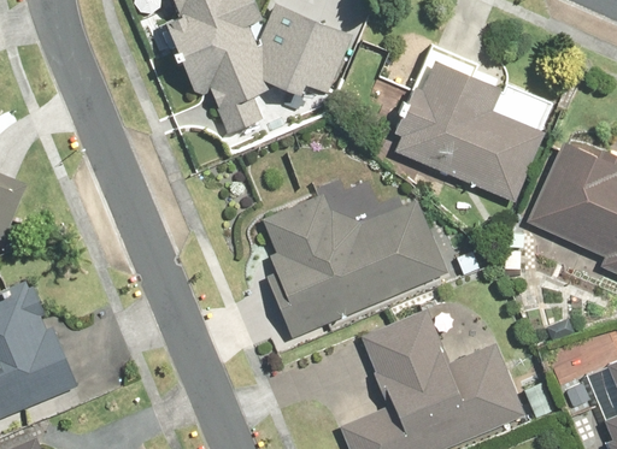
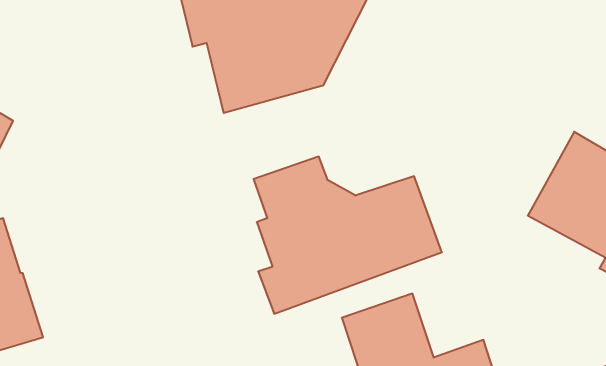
building: [388,59,553,200] -> none

